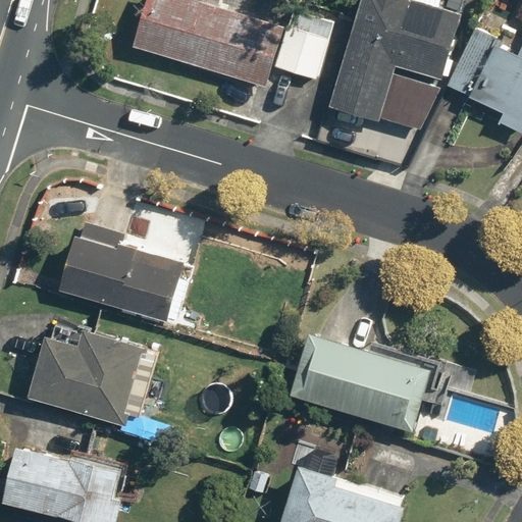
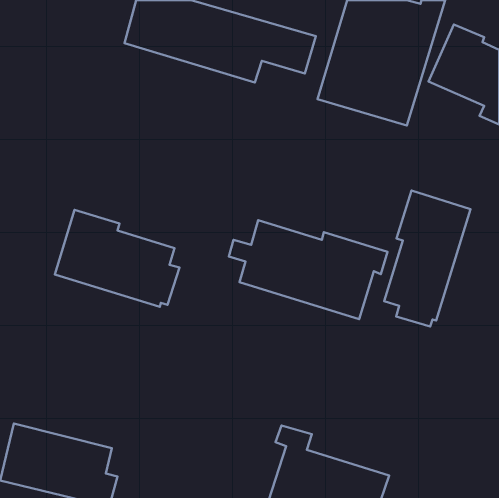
building: none -> [384,191,470,327]
building: [24,325,160,430] -> none
building: [276,331,441,434] -> [229,220,388,319]

